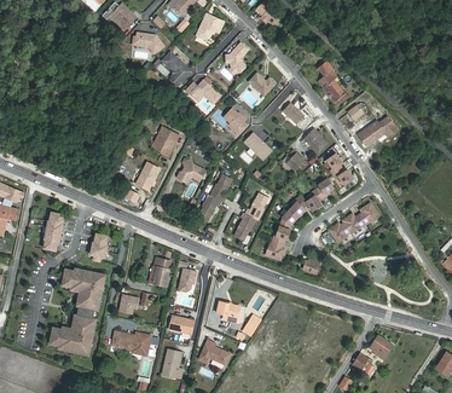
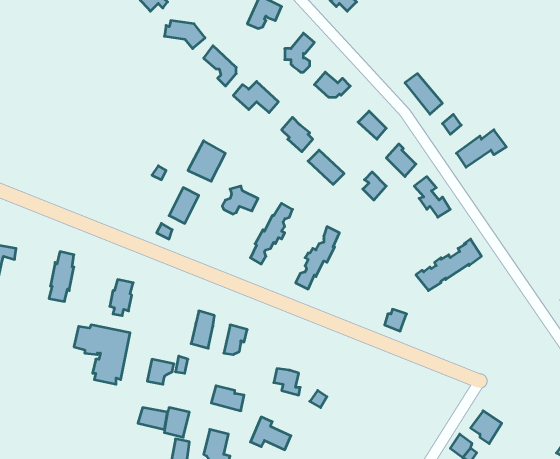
building: [265,179,334,259] -> none
building: [50,311,95,354] -> none

